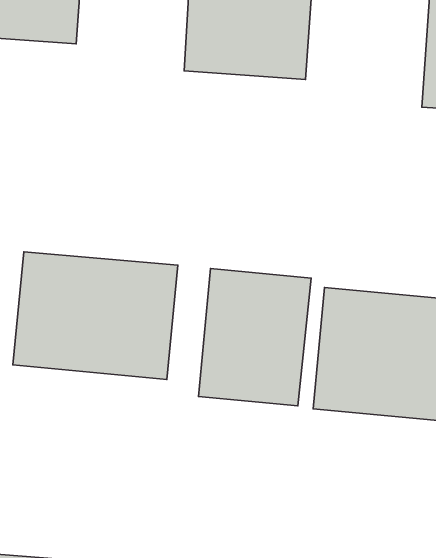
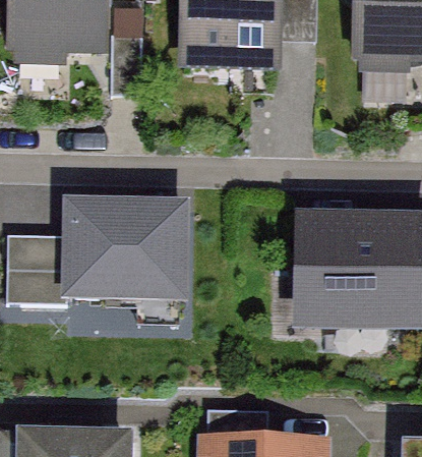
building: [198,269,311,406] -> none

